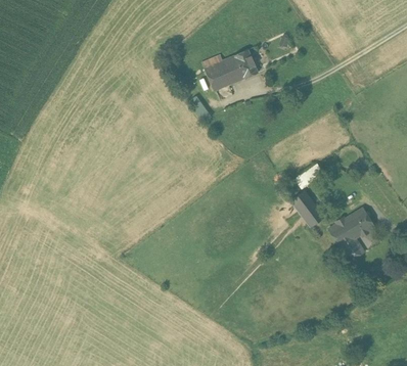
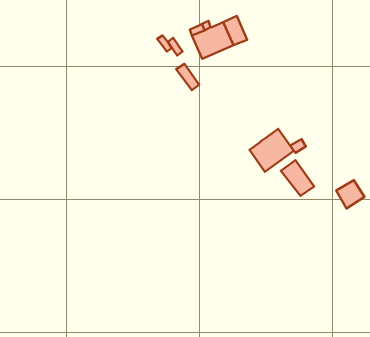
building: none -> [249,129,294,172]
building: [330,220,363,259] -> none

